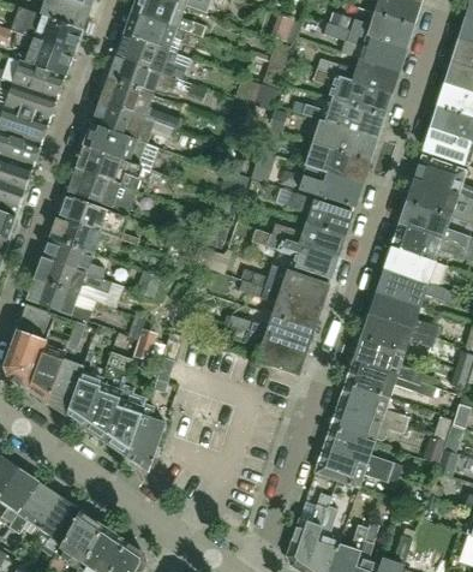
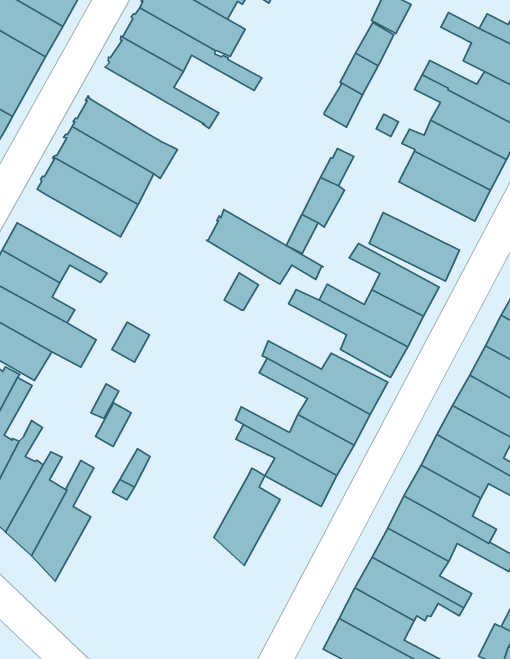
building: [90,99,173,143] -> [206,210,323,284]
building: [305,143,369,183] -> none
building: [56,193,125,238] -> none
building: [124,404,164,471] -> [214,468,280,566]

